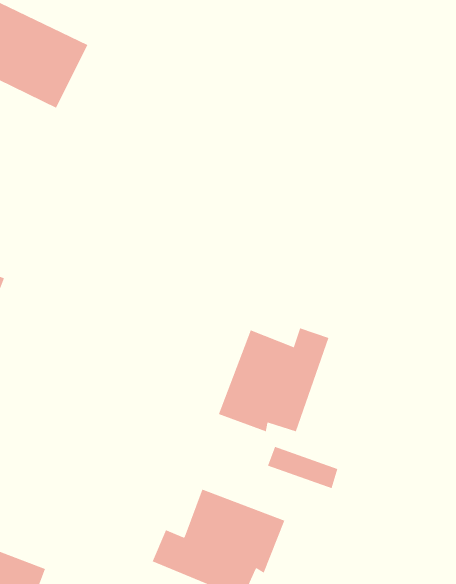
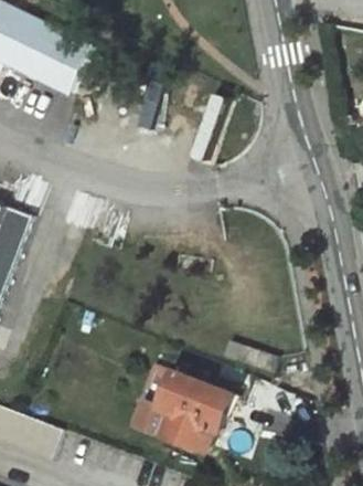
building: [218,328,329,432] -> none

